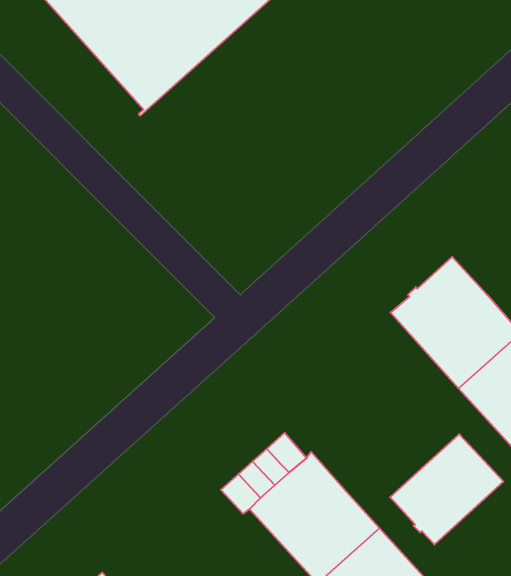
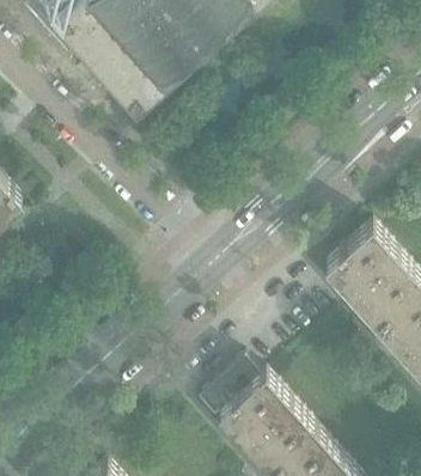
building: [390,434,503,545] -> none

